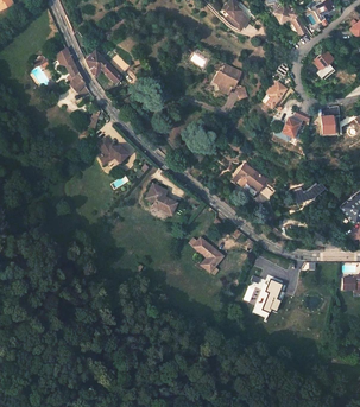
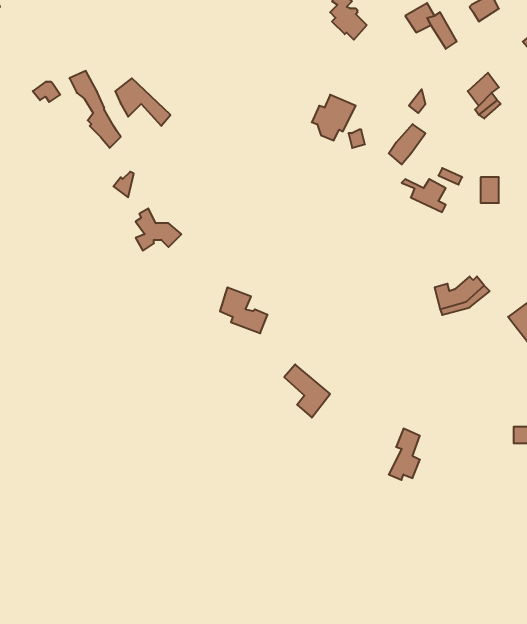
building: [230,163,265,196] -> none

